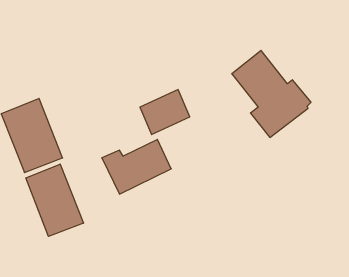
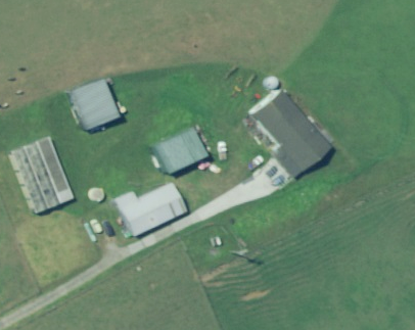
building: none -> [68,76,121,132]
building: [26,164,83,236] -> none

